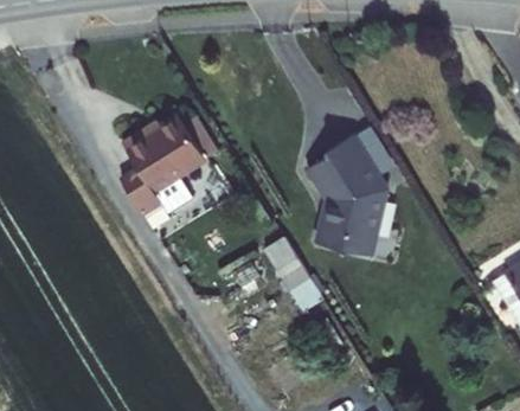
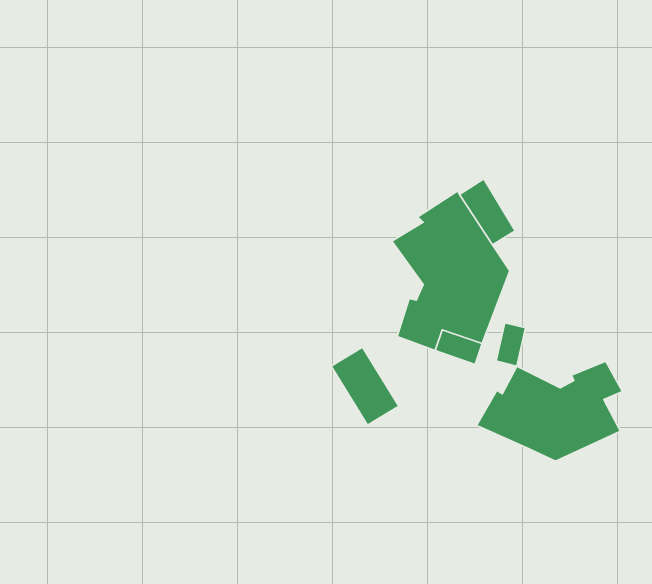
building: [121,115,207,217] -> none
building: none -> [476,361,622,461]

